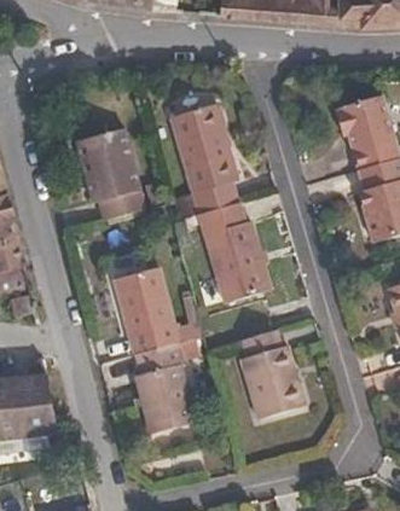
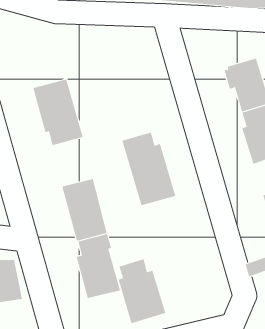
building: [167,100,238,213] -> none
building: [240,329,307,418] -> [118,259,166,324]

